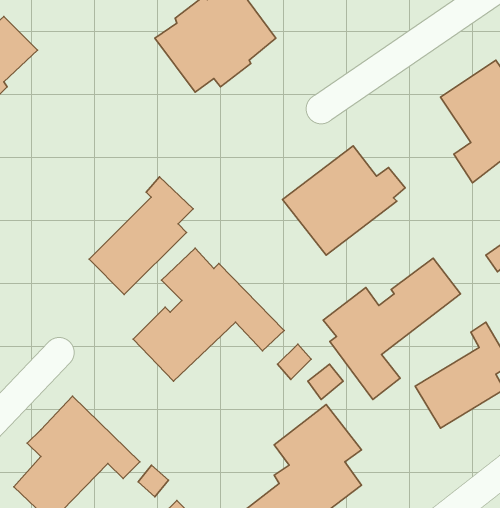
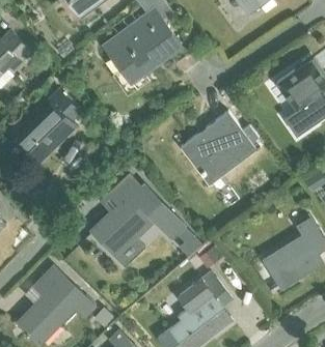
building: [89,177,193,295] -> [16,91,80,164]
building: [323,258,460,399] -> none

